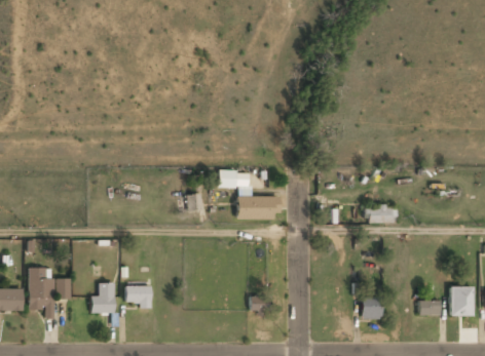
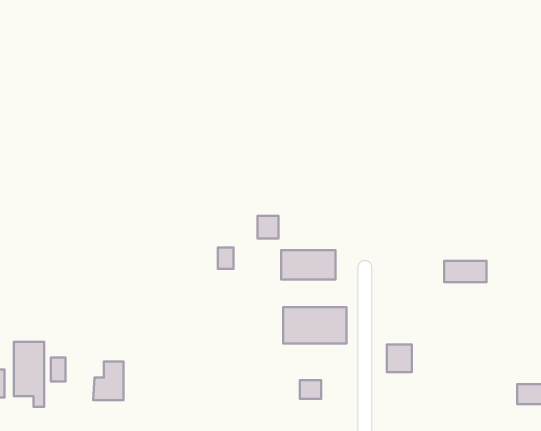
building: none -> [283,307,346,343]
building: [125,286,151,306] -> none
building: [362,298,381,319] -> [387,344,412,372]

